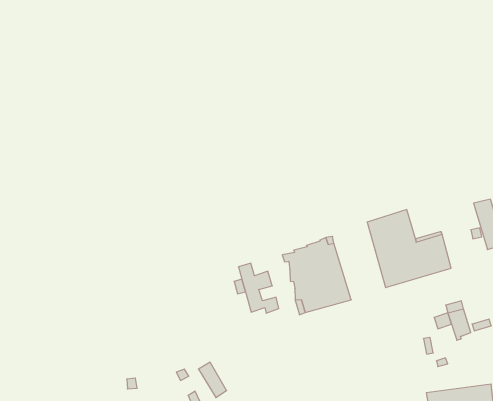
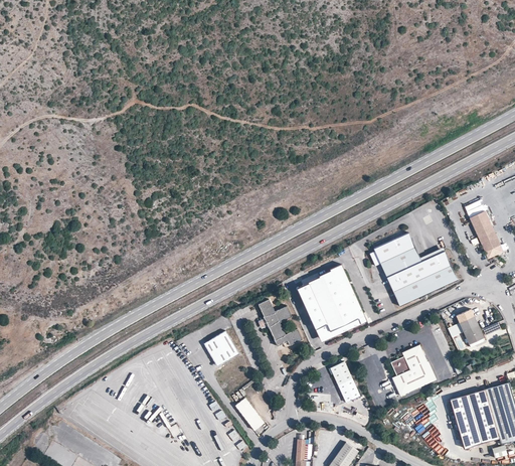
building: none -> [204,331,238,364]
building: none -> [392,344,437,395]
building: none -> [330,360,359,401]

